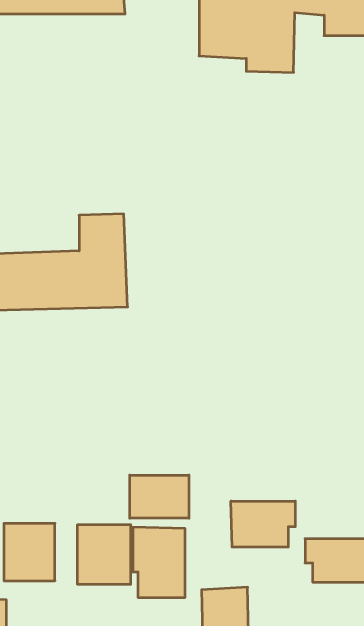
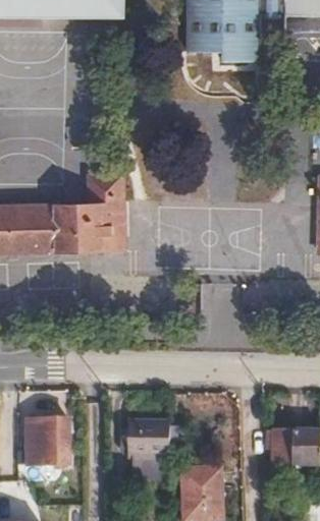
building: [130,475,189,518] -> none
building: [231,501,295,547] -> none
building: [78,525,131,584] -> none

